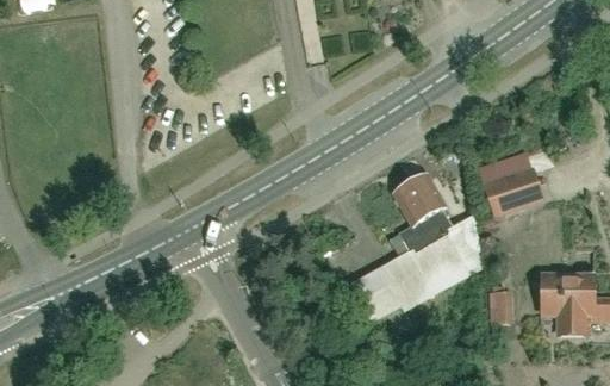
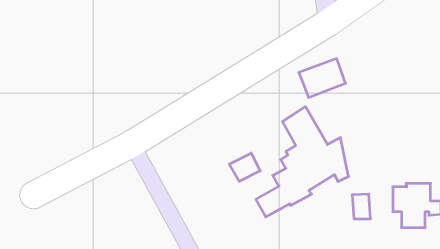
building: [480,164,543,217] -> [299,59,346,97]
building: none -> [229,153,260,181]

